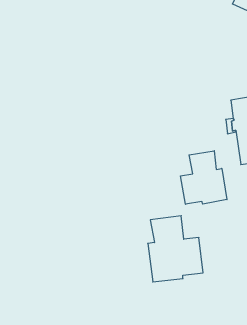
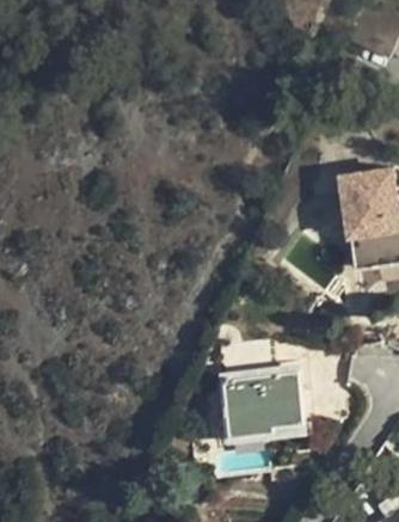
building: [181,151,227,204] -> none

